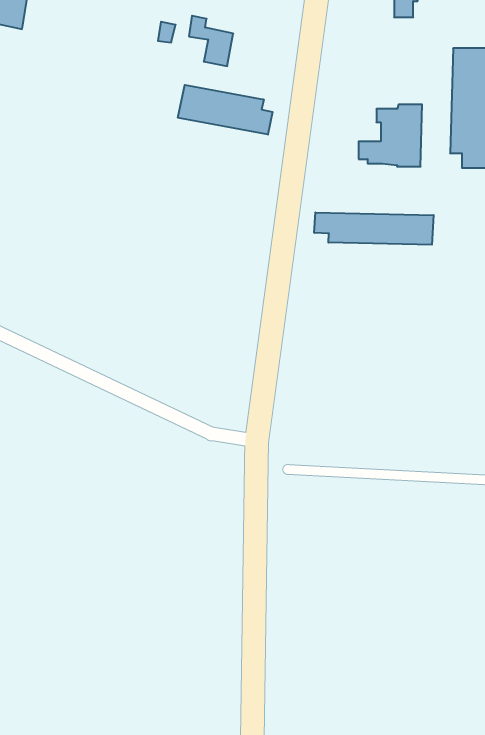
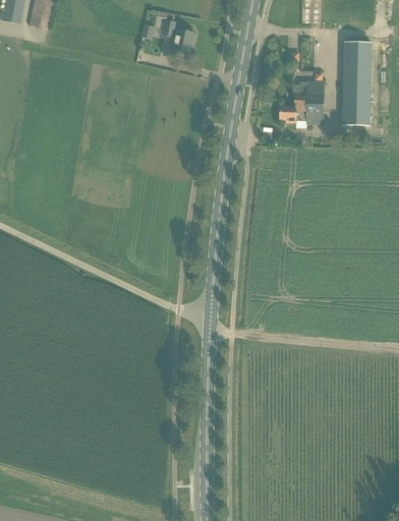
building: [178,85,273,135] -> none
building: [314,212,434,245] -> none

